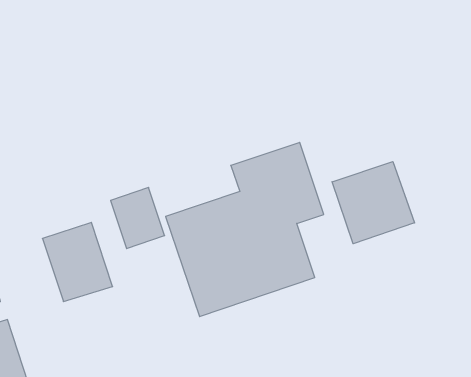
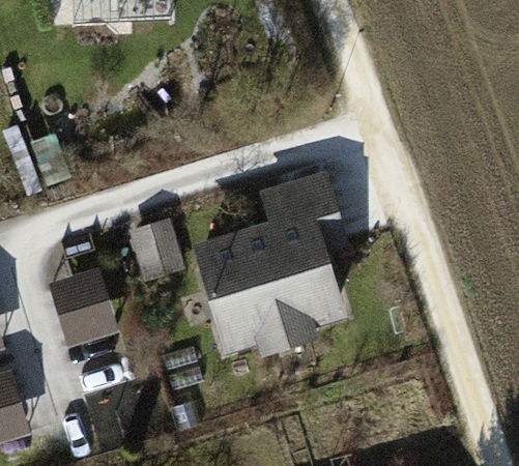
building: [332,162,415,244] -> none

